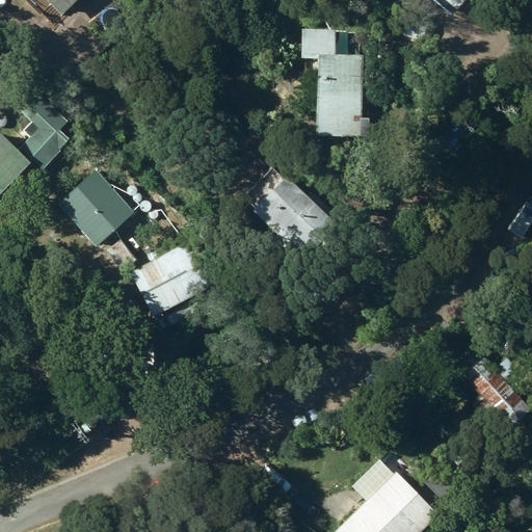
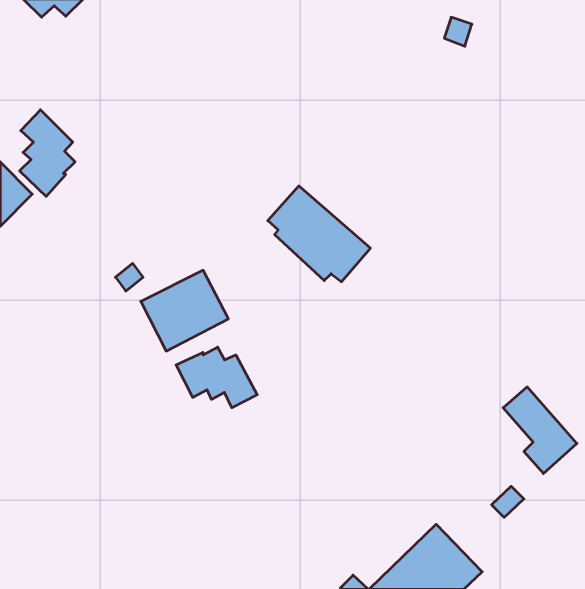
building: [289,28,370,137] -> none
building: [56,167,136,247] -> none
building: none -> [176,347,257,408]

